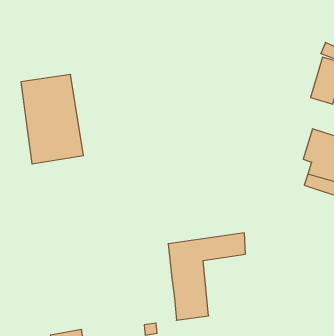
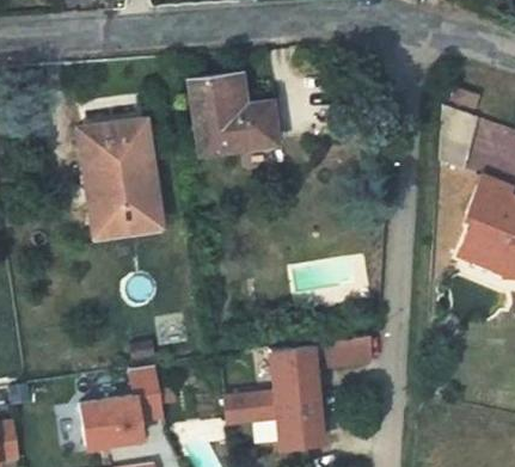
building: none -> [182,80,269,159]
building: none -> [79,362,163,444]
building: none -> [221,388,274,419]

